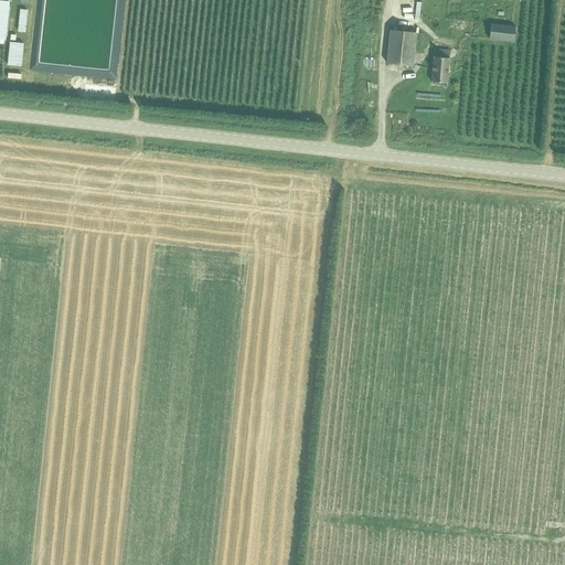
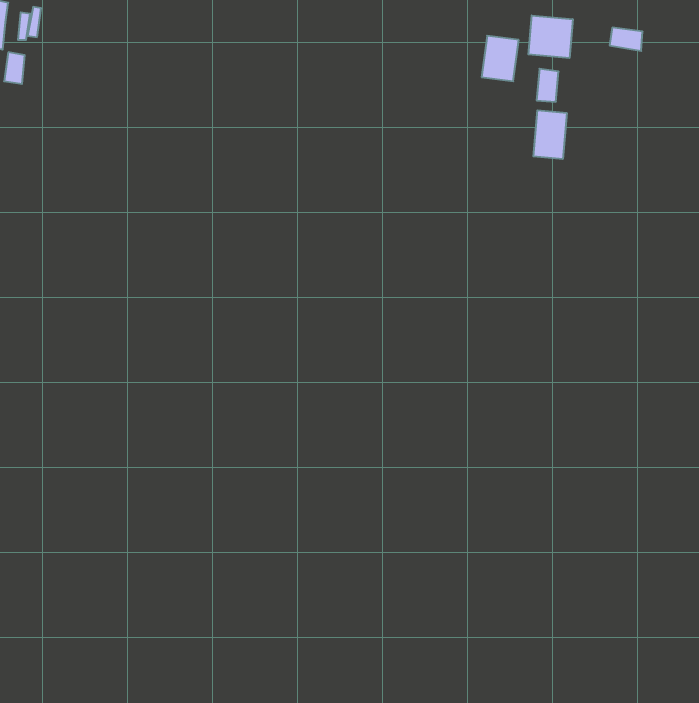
building: none -> [528,15,573,58]
building: none -> [533,110,567,159]

